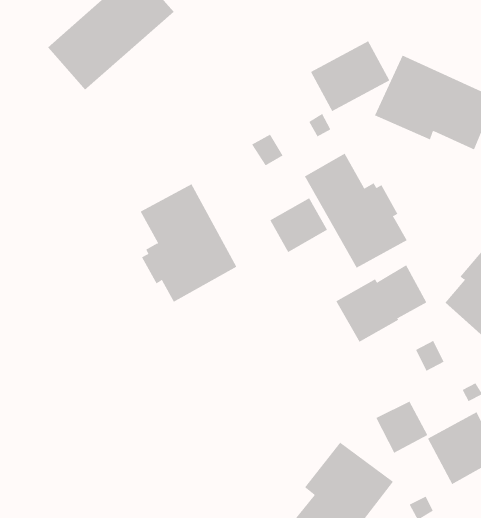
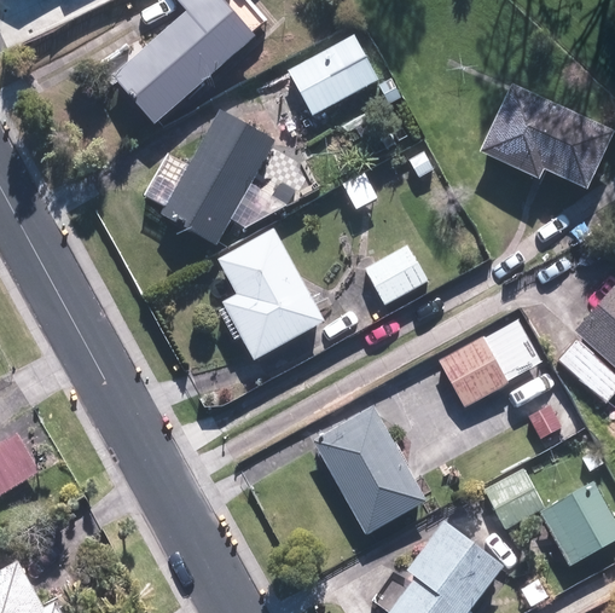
building: [310,40,390,112] -> [289,34,378,114]
building: none -> [163,111,277,244]
building: [304,153,407,269] -> none
building: none -> [309,405,423,532]

